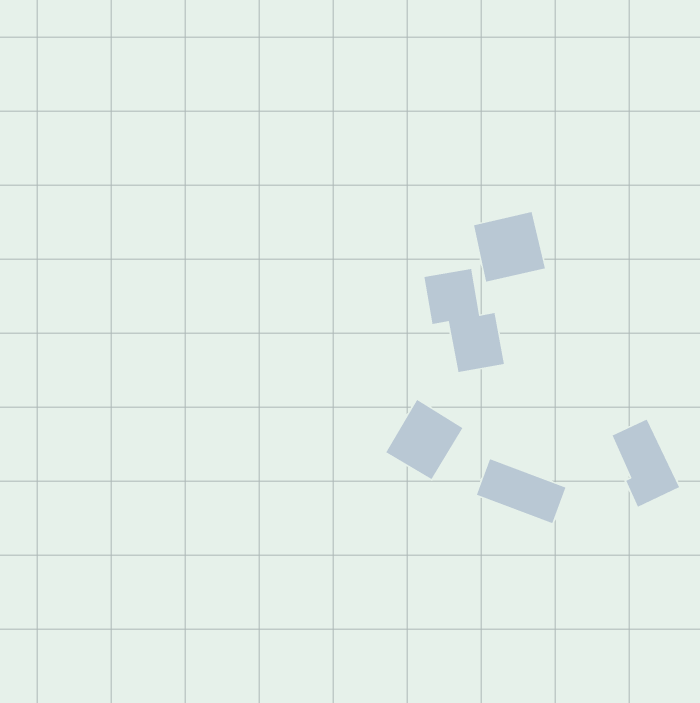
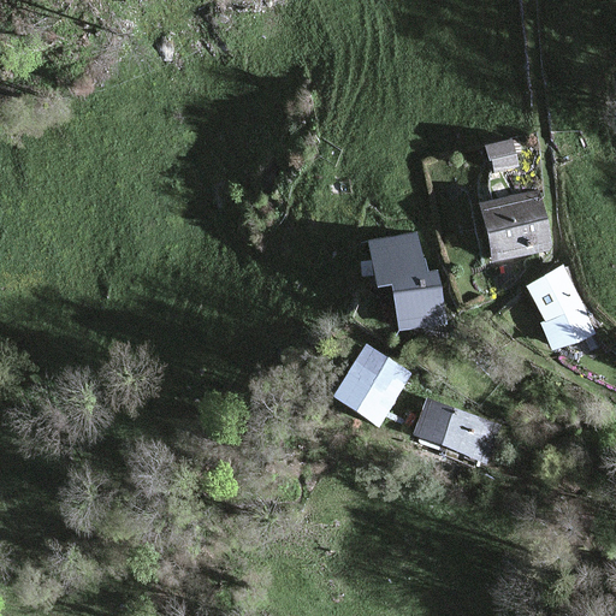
building: [473,211,546,283] -> [484,194,547,256]
building: [611,419,680,508] -> [529,271,590,349]

